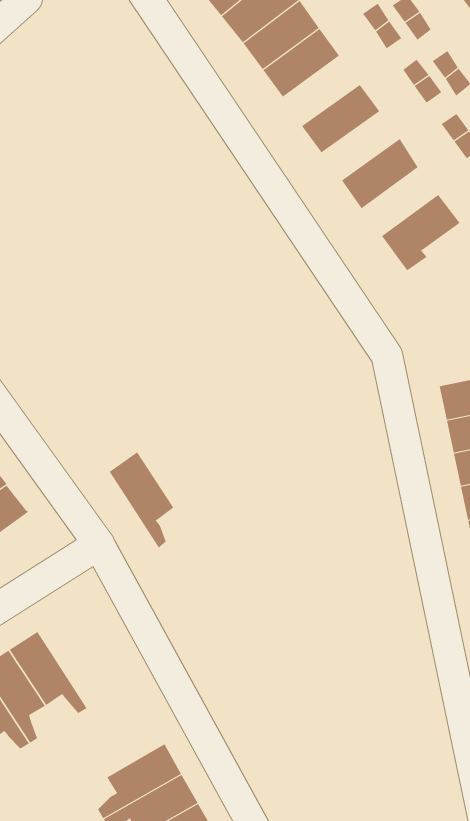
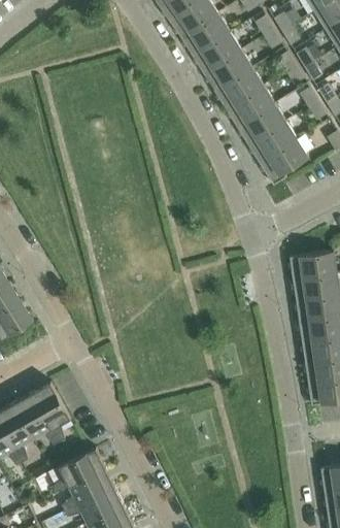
building: none -> [205,48,253,91]
building: none -> [227,85,276,126]
building: none -> [249,121,298,162]
building: [109,452,174,549] -> [33,382,72,442]
building: none -> [54,448,107,493]

